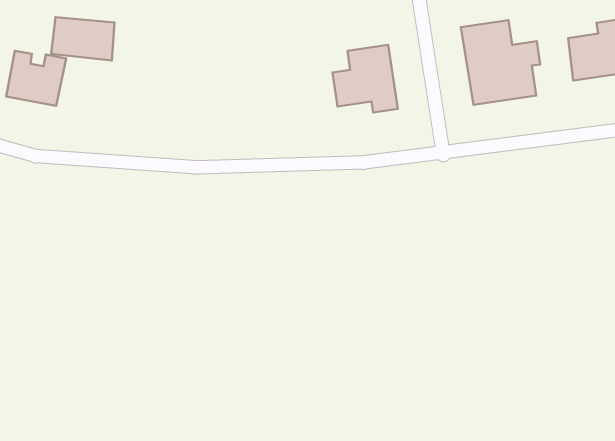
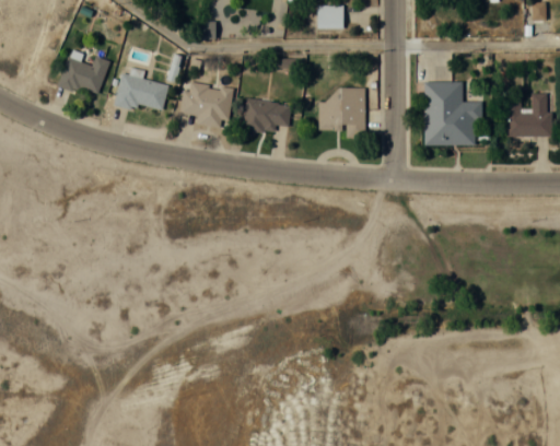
building: [51,17,115,60] -> [115,73,168,114]
building: none -> [183,82,233,128]
building: none -> [242,99,291,134]

